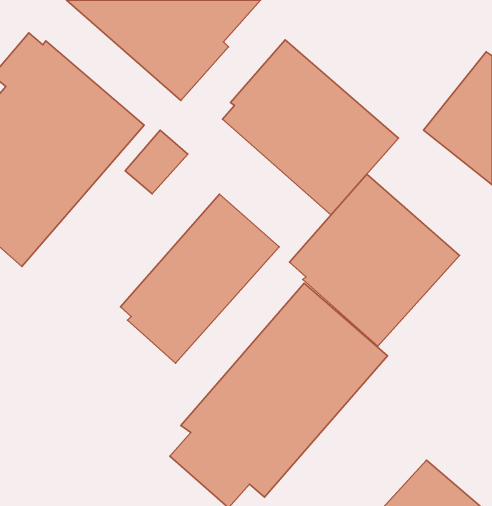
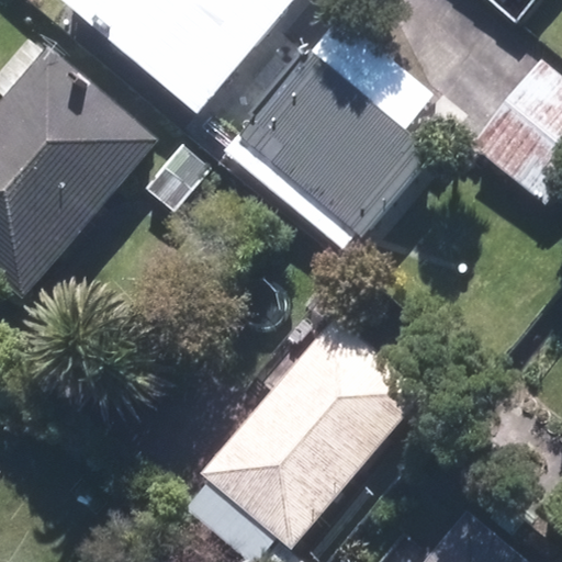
building: [289,174,459,346] -> none
building: [120,194,279,363] -> none

